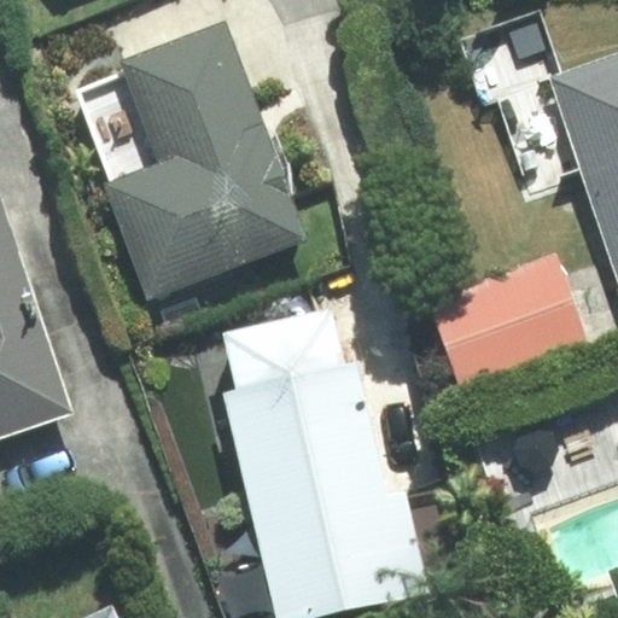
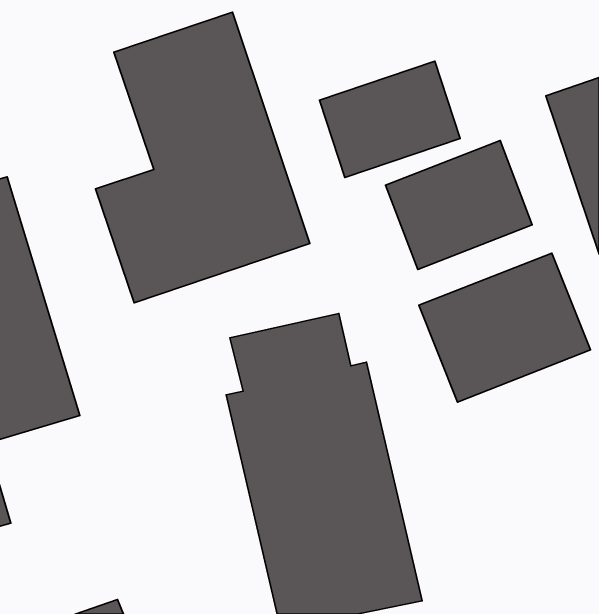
building: none -> [319,61,460,177]
building: none -> [386,140,532,269]

